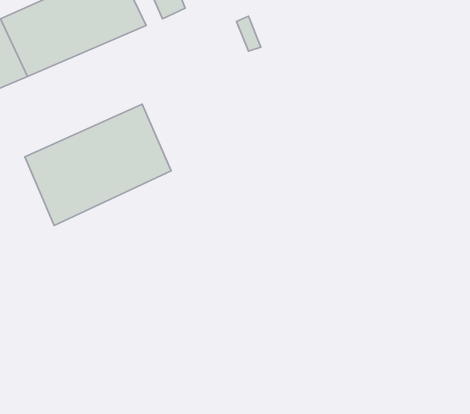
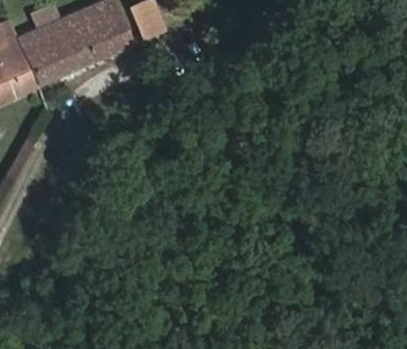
building: [25,104,171,225] -> none

